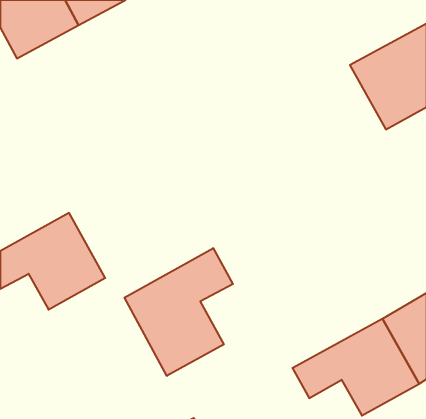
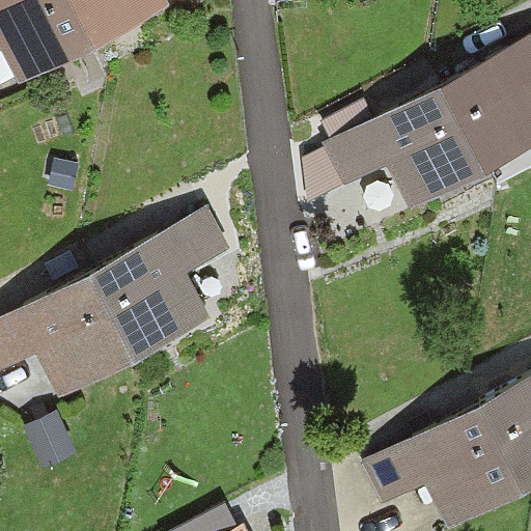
building: none -> [294,90,480,208]
building: none -> [87,209,229,355]
building: [125,248,233,376] -> none

